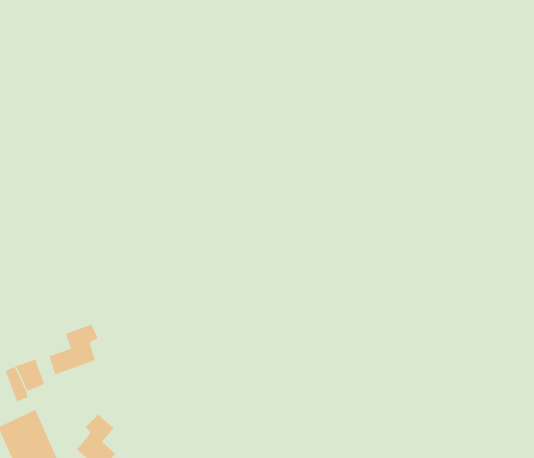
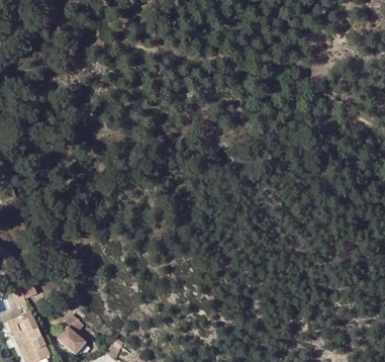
building: [49,324,99,375] -> none

